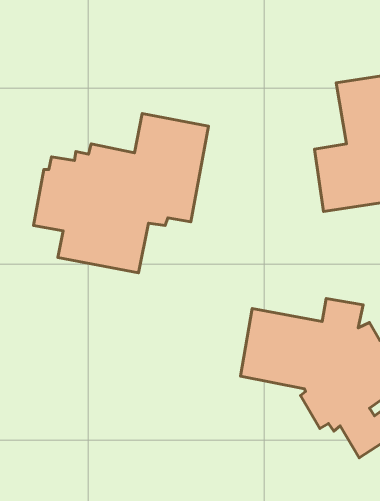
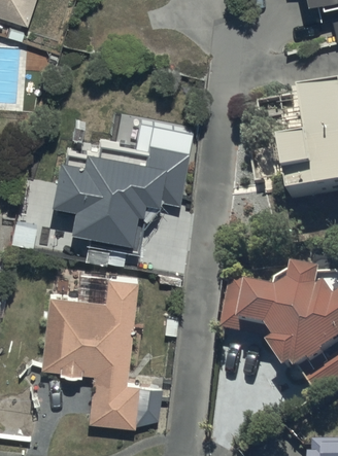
building: none -> [38,278,140,427]

